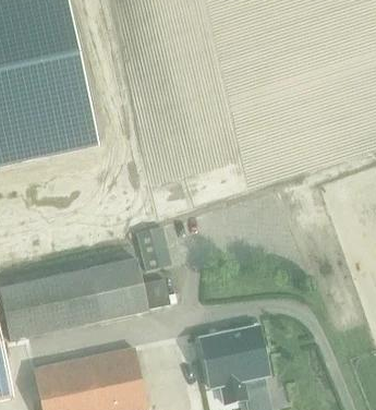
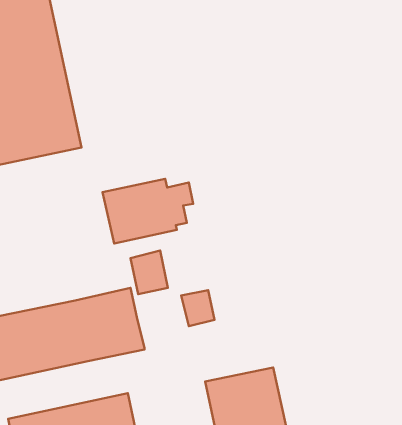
building: none -> [102,179,193,243]
building: [143,279,171,310] -> [181,290,215,326]

